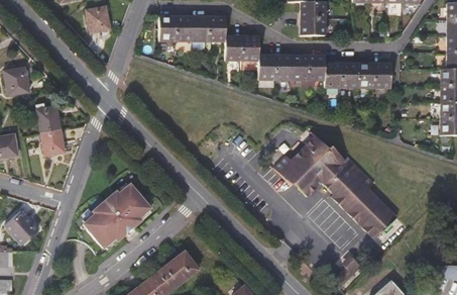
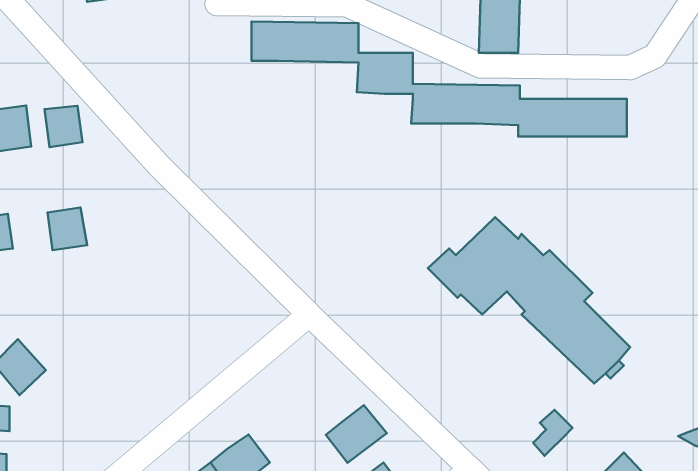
building: [88,10,111,36] -> none
building: [35,108,59,133] -> [45,106,83,147]
building: [83,181,155,250] -> none
building: [161,252,199,287] -> [326,405,387,463]

